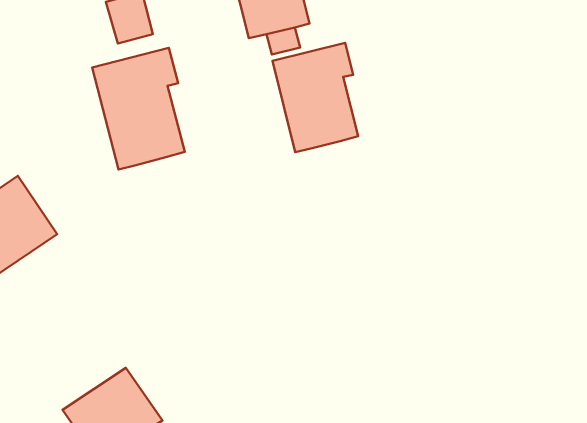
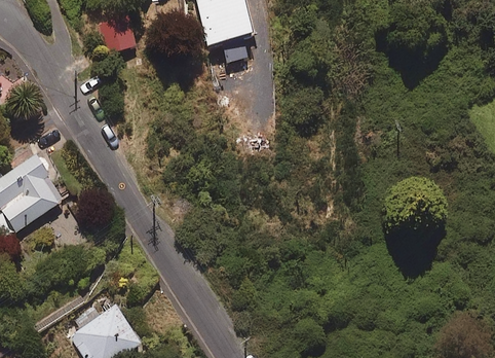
building: [272,43,358,152] -> none
building: [92,48,185,169] -> none

